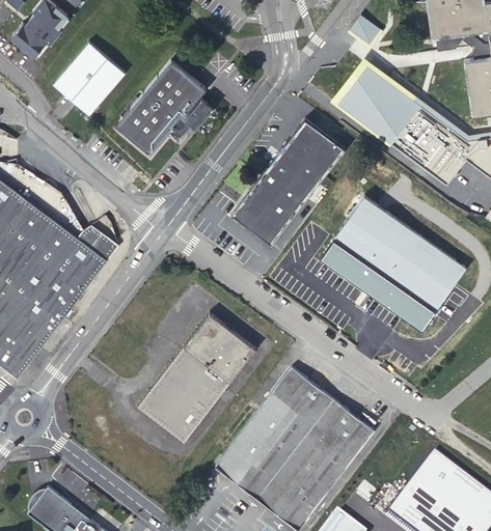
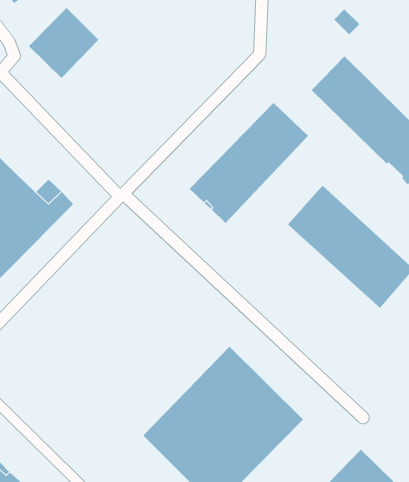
building: [117,66,215,163] -> none
building: [319,239,435,329] -> none
building: [138,313,254,441] -> none

